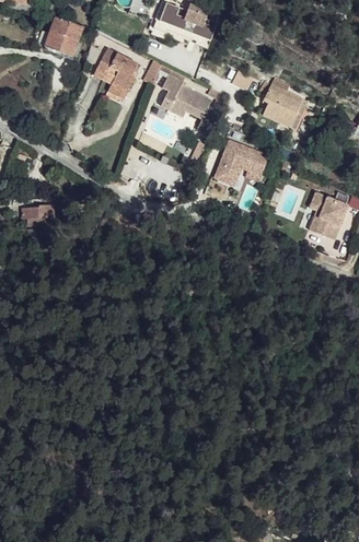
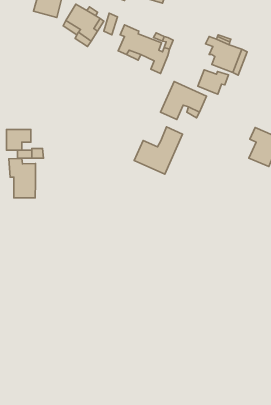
building: none -> [198,70,229,94]
building: none -> [134,127,183,174]
building: none -> [9,158,36,198]

